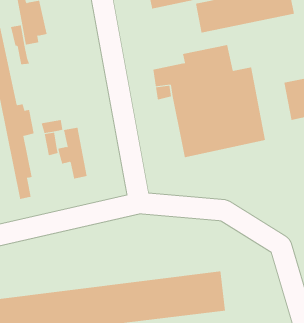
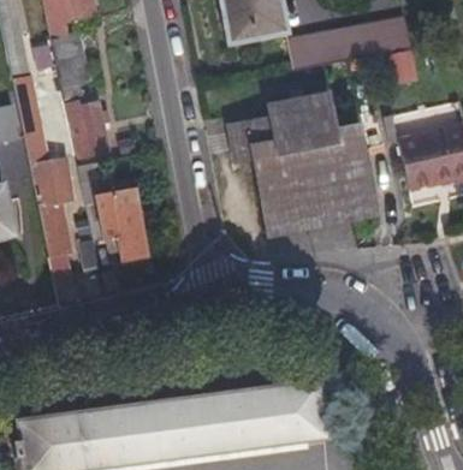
building: none -> [69,103,114,160]

